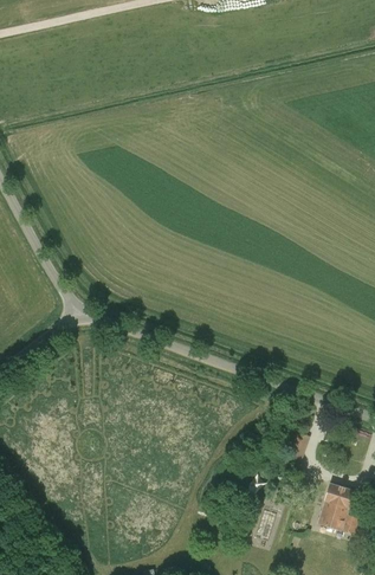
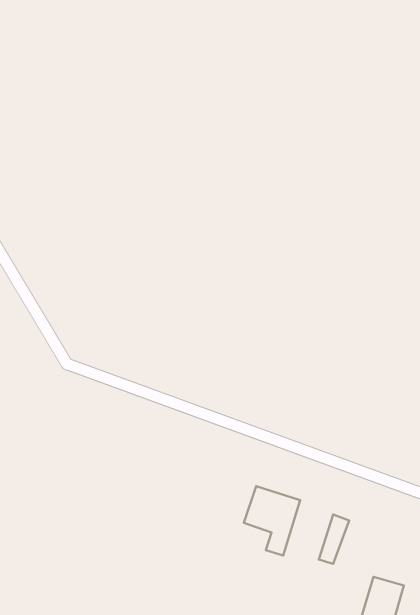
building: none -> [244,486,300,556]

